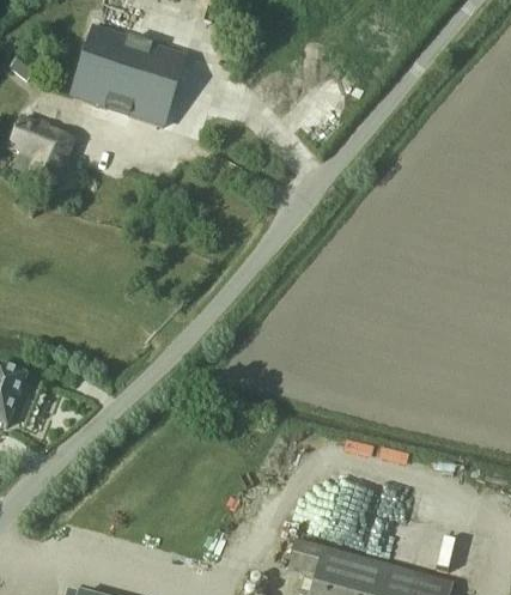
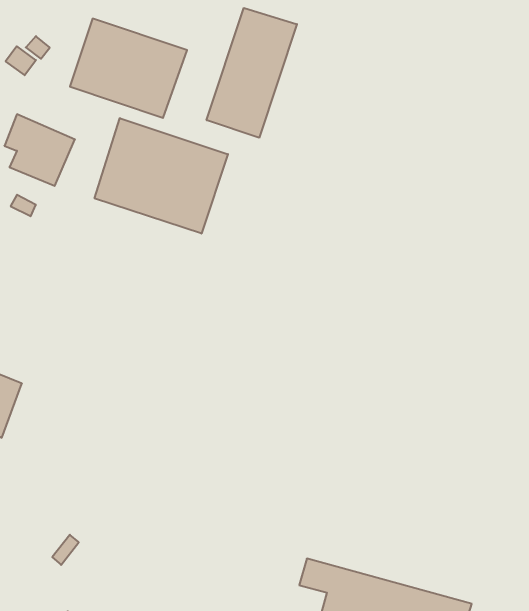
building: none -> [207,8,297,138]
building: none -> [95,118,228,234]

